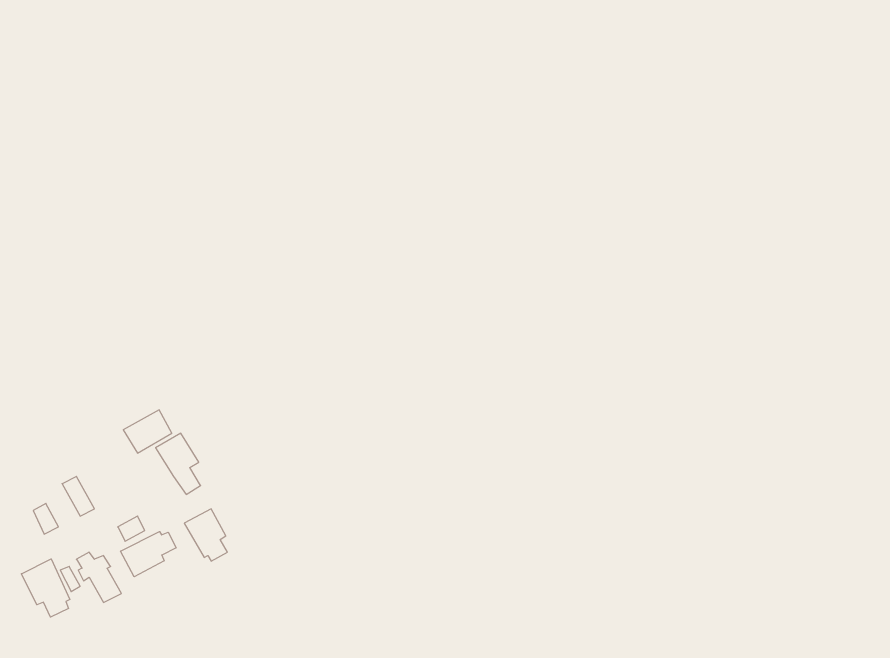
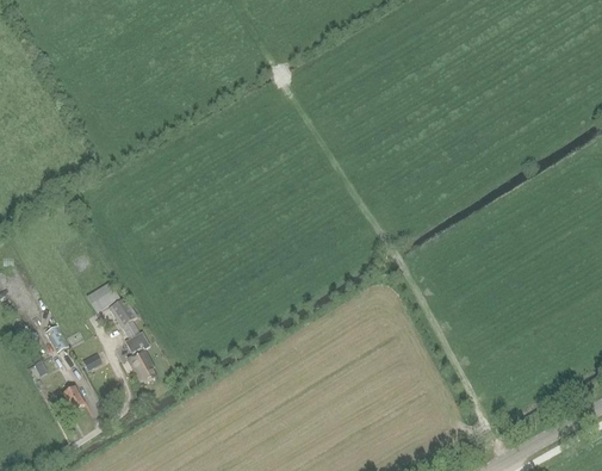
building: [121,532,176,577] -> none
building: [21,559,70,617] -> none

